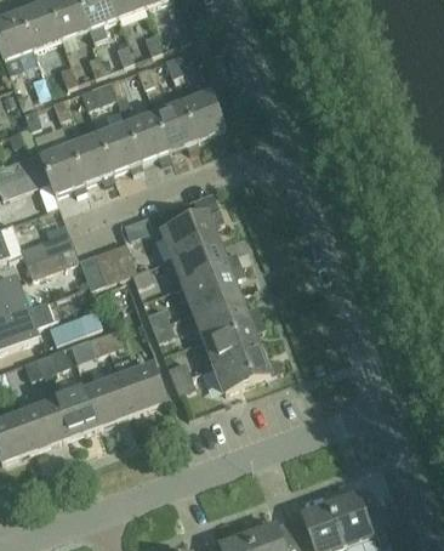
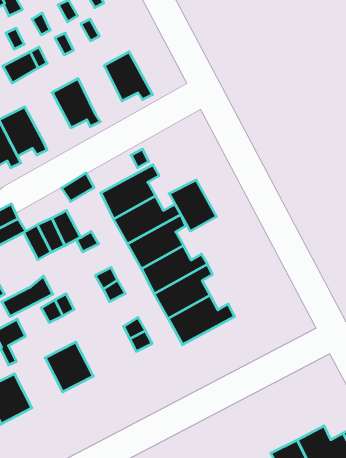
building: [153,102,198,152] -> none
building: [96,123,142,172] -> none
building: none -> [169,180,216,231]
building: [113,357,166,413] -> none
building: [52,388,98,437] -> none

